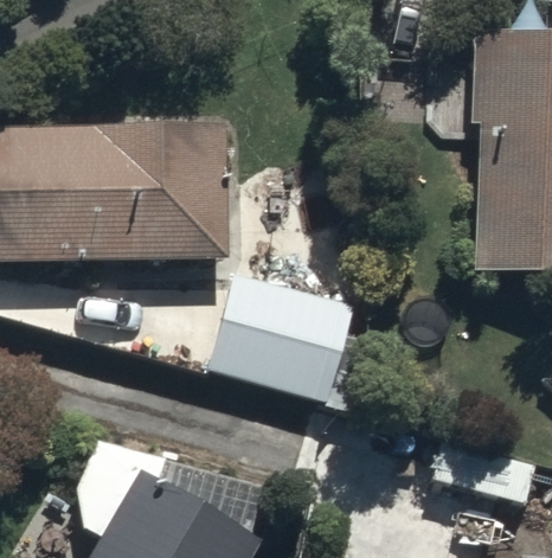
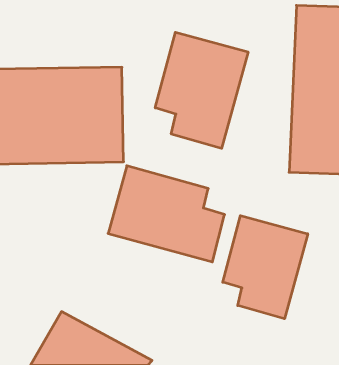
building: none -> [155,32,248,148]
building: none -> [223,216,308,319]

